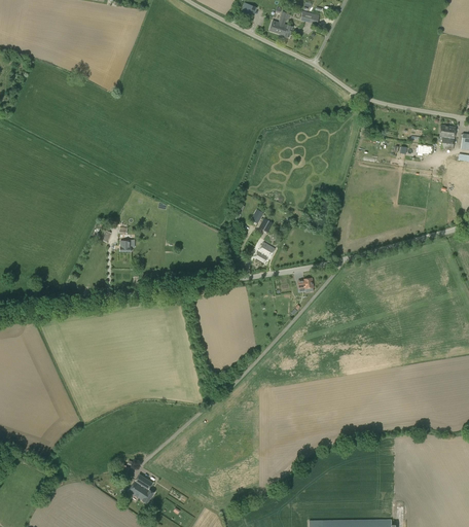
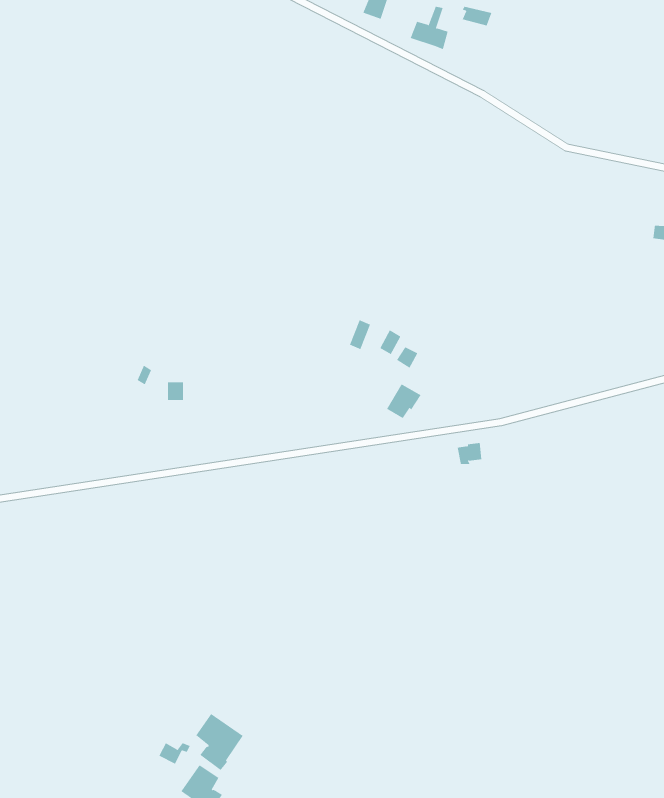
building: none -> [195,713,244,771]

